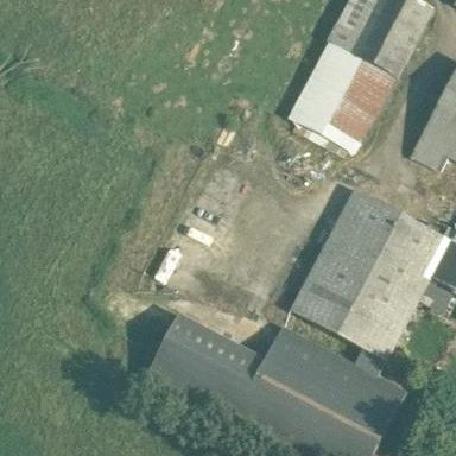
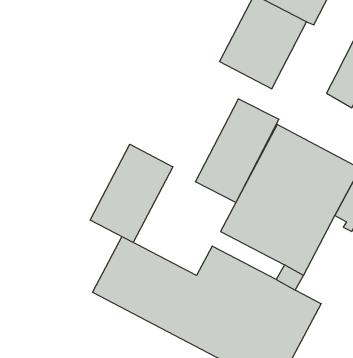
building: none -> [196,99,279,202]
building: none -> [90,144,173,242]

